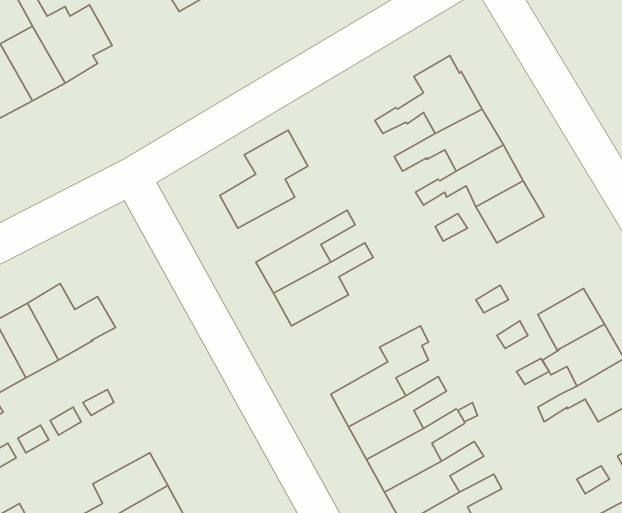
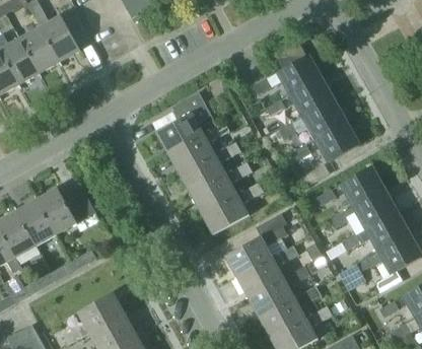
building: none -> [167,121,229,173]
building: none -> [341,166,382,206]
building: none -> [201,182,263,234]

